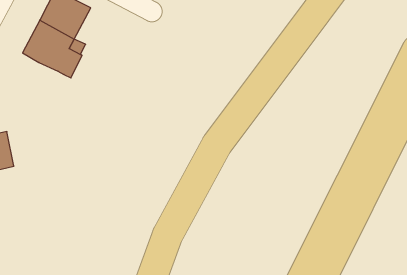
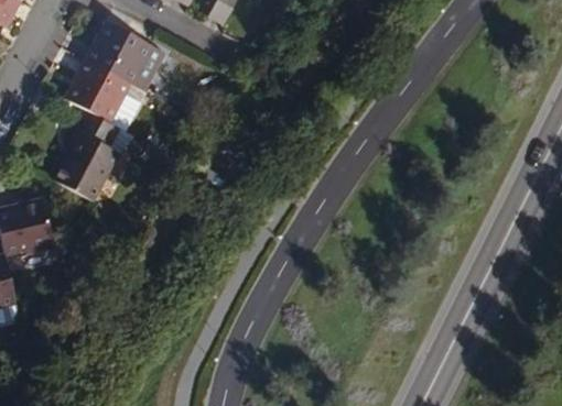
building: none -> [52,112,116,202]

